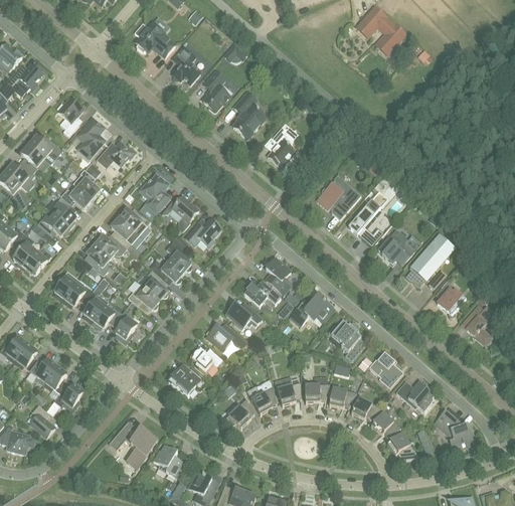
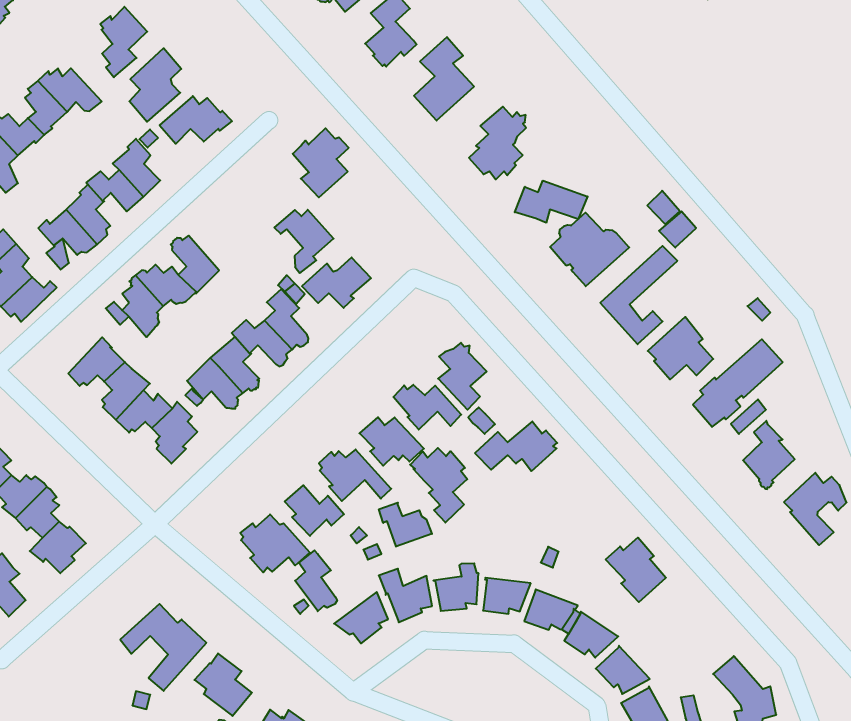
building: none -> [515,181,588,223]
building: [139,174,170,212] -> [293,128,349,197]
building: [119,208,150,234] -> none
building: [53,271,78,301] -> none
building: [328,321,360,361] -> [410,448,467,523]
building: none -> [379,503,432,547]
building: [395,380,433,412] -> none
building: none -> [295,550,337,611]

